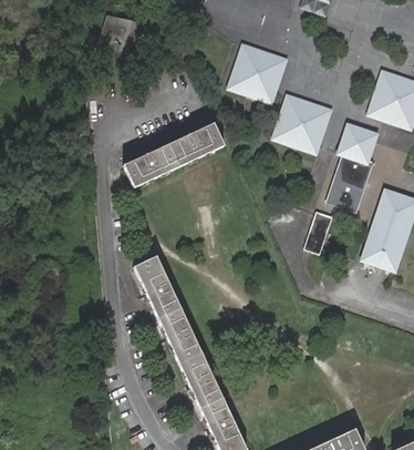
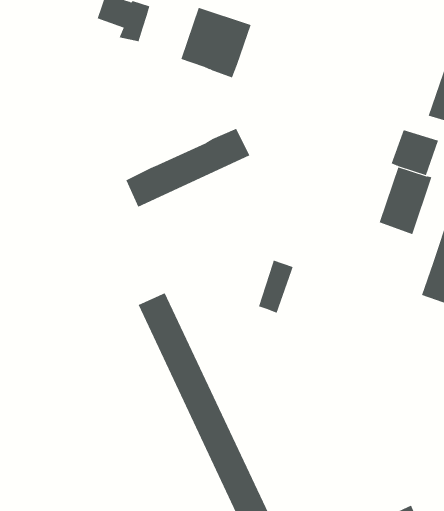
building: [229,44,287,102] -> [181,7,252,78]
building: [273,95,331,152] -> none
building: [304,211,333,254] -> [258,260,294,313]

